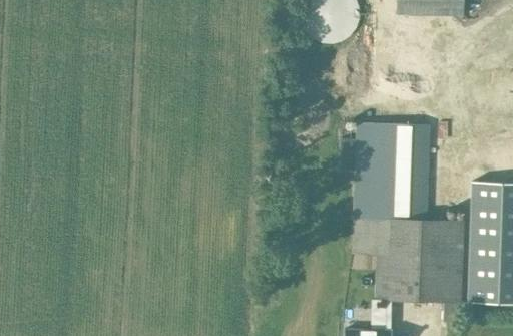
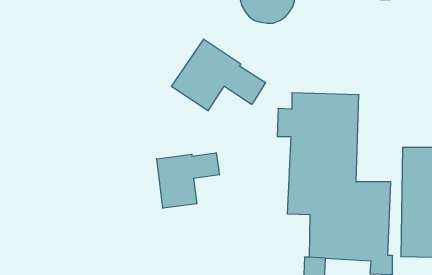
building: none -> [172,39,265,111]
building: none -> [157,153,219,208]

